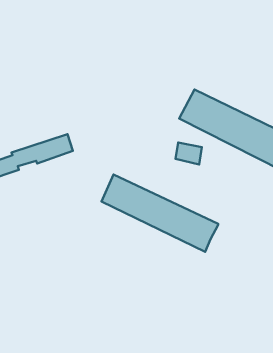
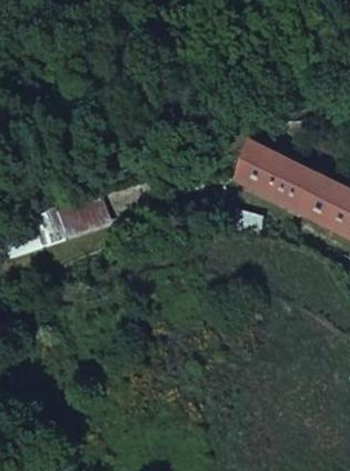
building: [102,174,218,252] -> none

